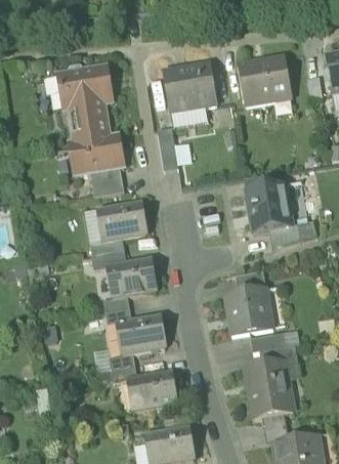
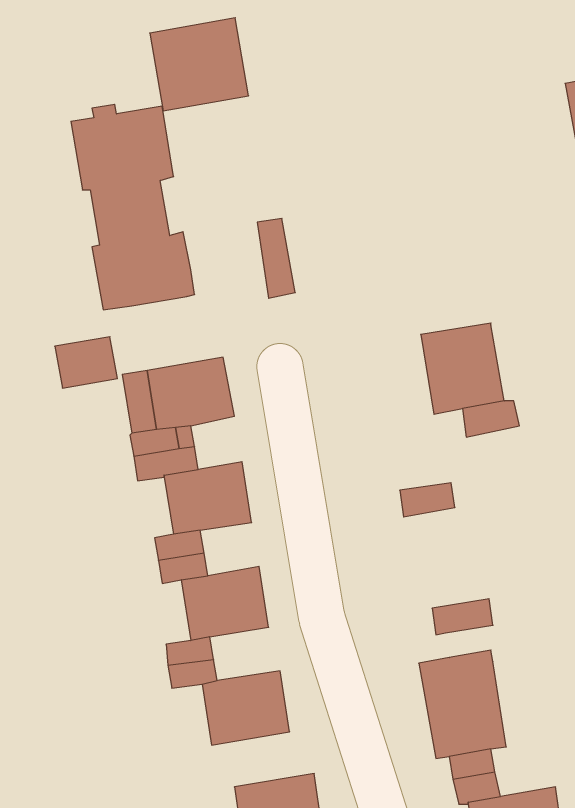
building: [239,55,292,107] -> none
building: [163,62,216,113] -> [150,18,249,111]
building: [90,169,124,197] -> [55,337,117,388]
building: [284,181,306,220] -> none
building: [224,288,272,334] -> none
building: [259,344,298,366] -> none

